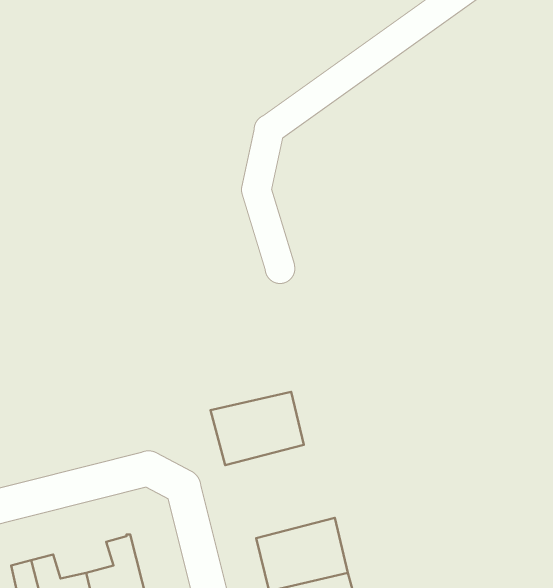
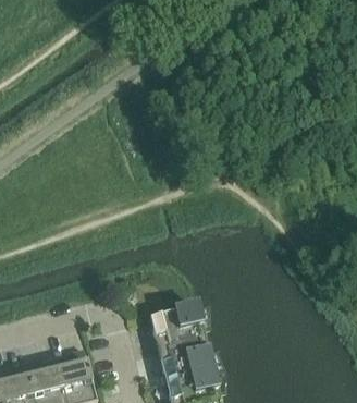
building: [211,392,304,465] -> [150,305,206,349]

